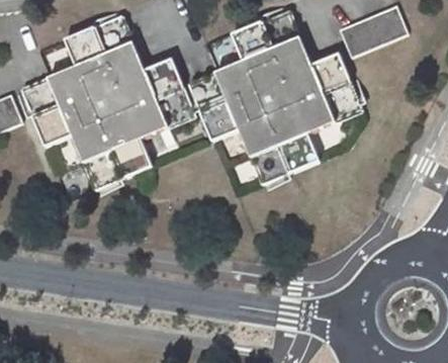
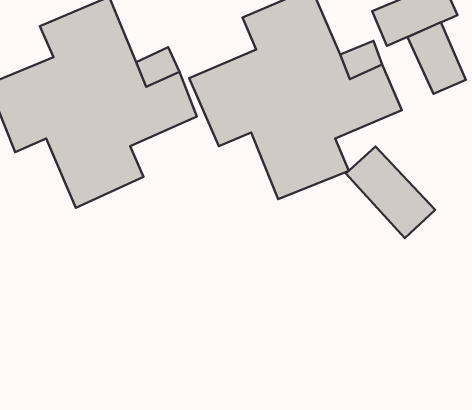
building: none -> [408,22,466,94]
building: none -> [346,146,435,238]

